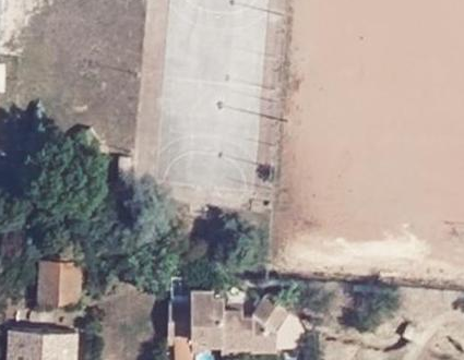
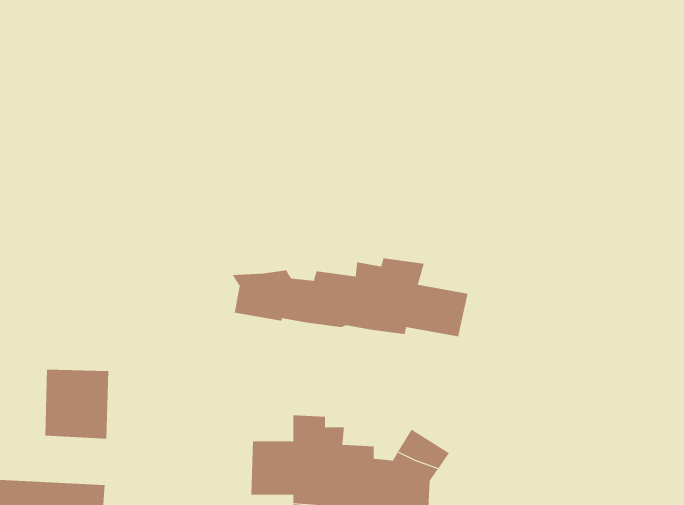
building: none -> [231,257,468,337]

